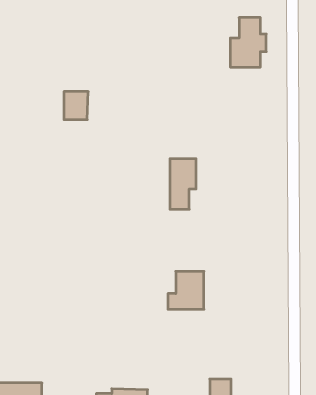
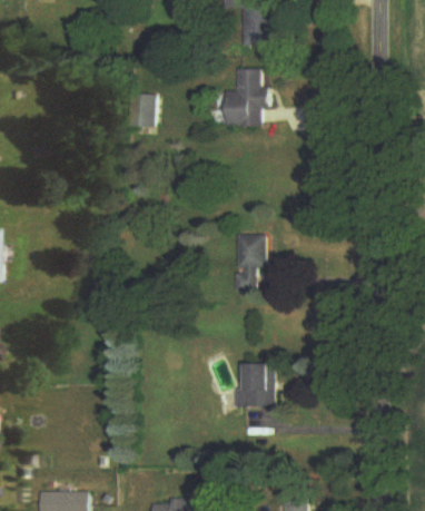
building: [230,18,266,67] -> [228,68,269,125]
building: [64,92,88,120] -> [129,94,157,126]

